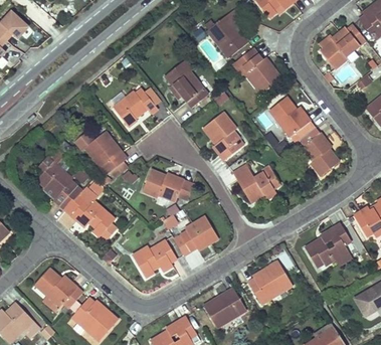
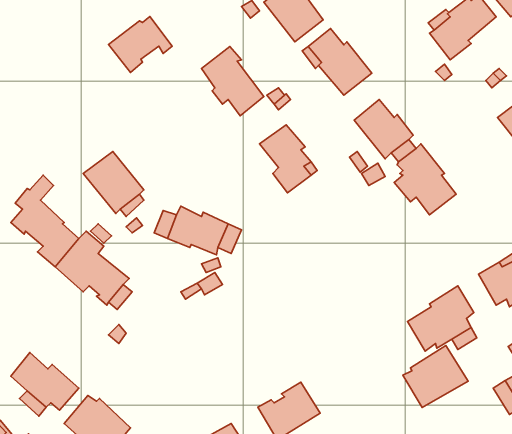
building: [115,89,158,127] -> [108,16,172,73]
building: [233,161,280,201] -> none
building: [174,216,218,254] -> none
building: [133,240,177,278] -> none
building: [248,262,293,304] -> [403,346,468,408]

